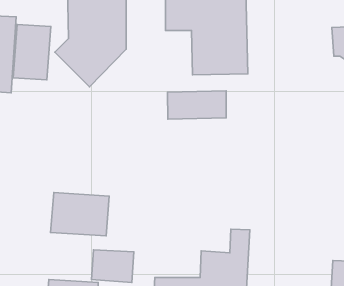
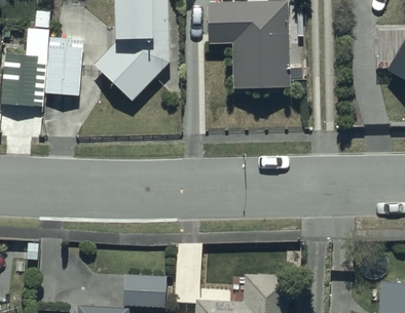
building: [168,91,226,119] -> none
building: [51,193,109,236] -> none

